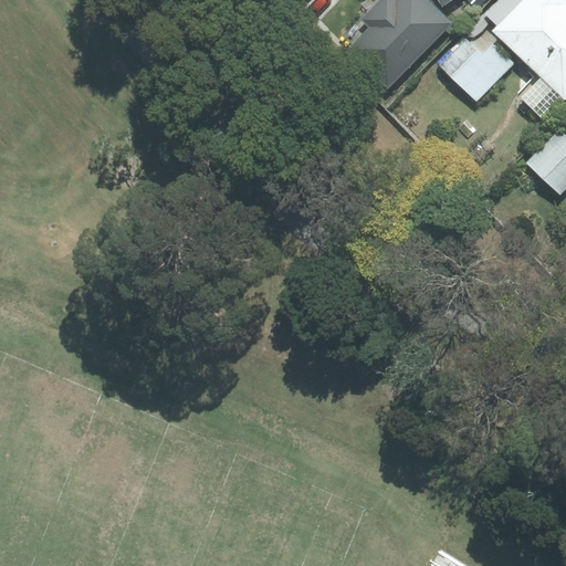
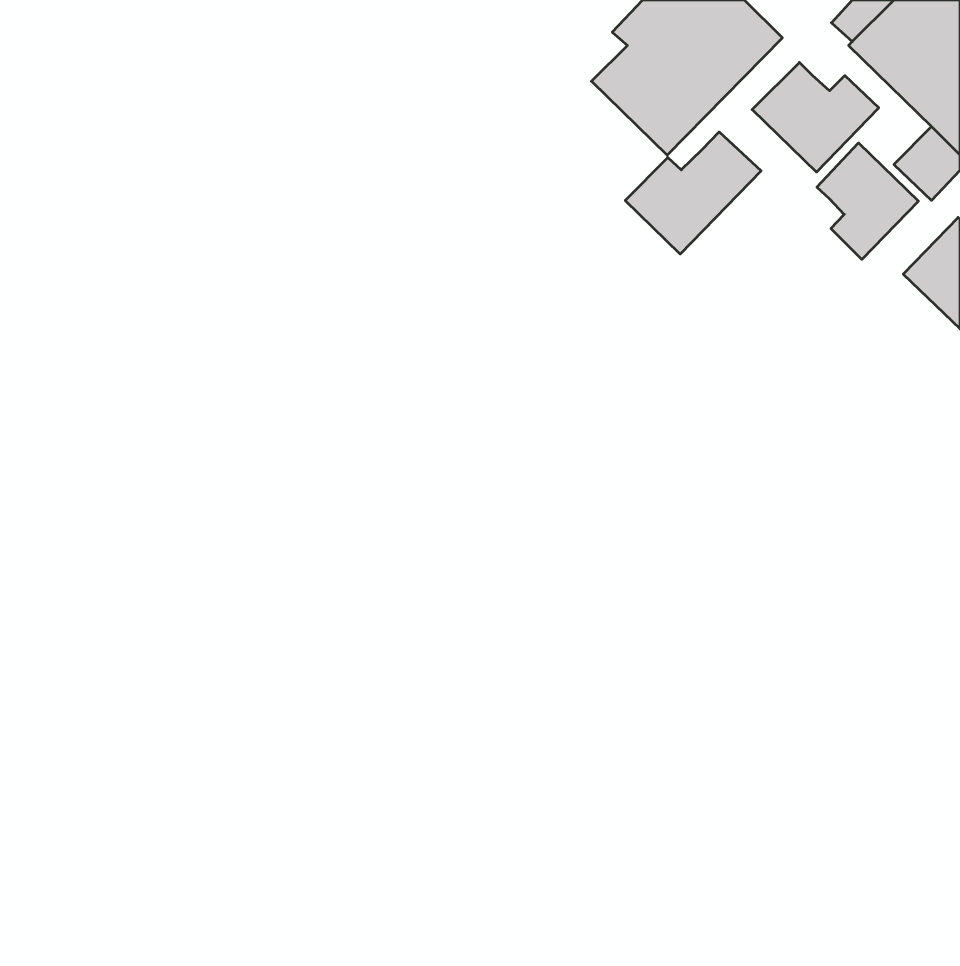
building: none -> [625,132,761,254]
building: none -> [817,143,918,259]

